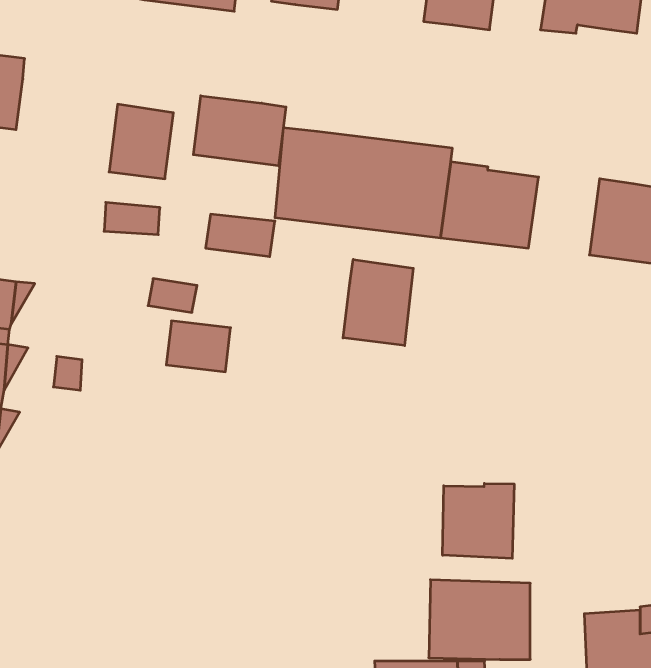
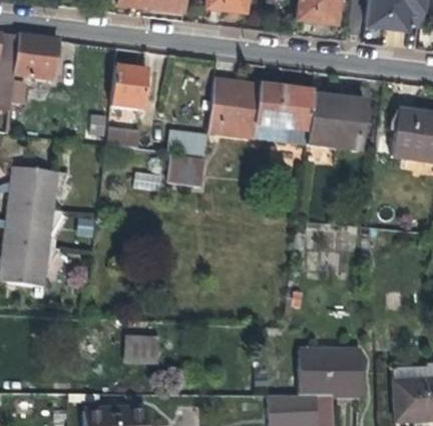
building: [193,96,286,166] -> none
building: [343,259,413,346] -> none
building: [166,321,231,372] -> [167,156,205,186]
building: [443,483,514,558] -> none
building: none -> [122,335,158,364]

